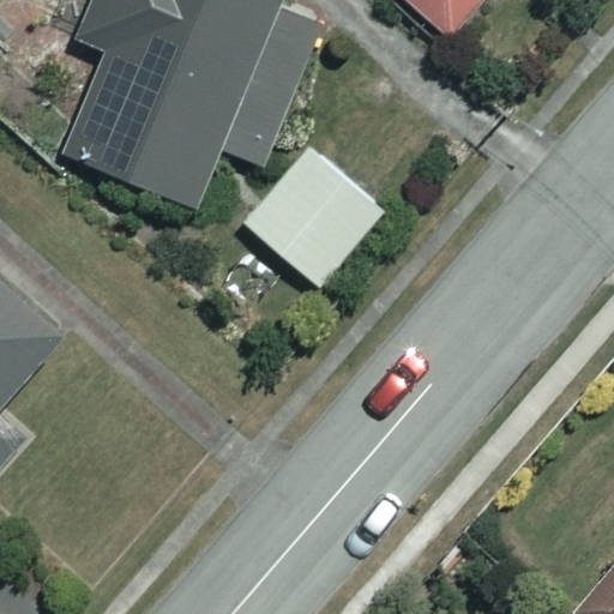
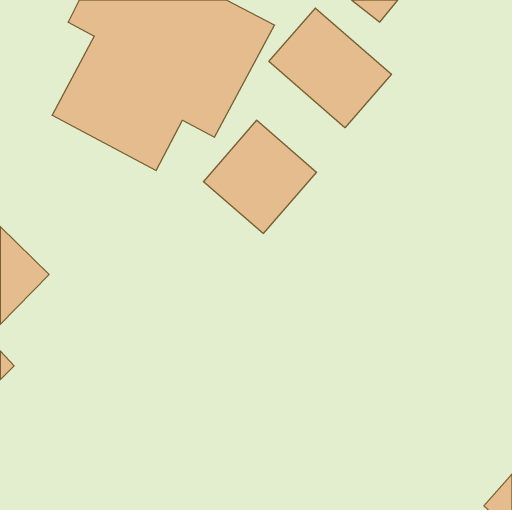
building: none -> [269,8,391,128]

